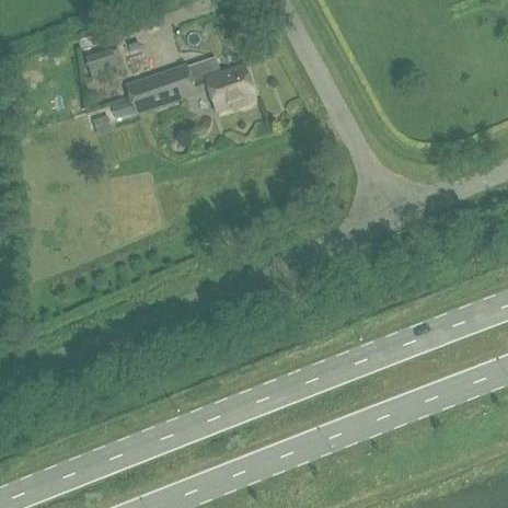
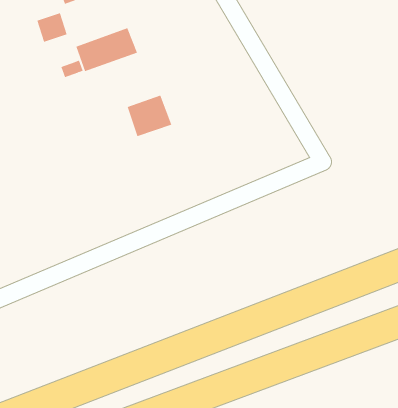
building: [206,62,255,108] -> [127,95,172,137]

